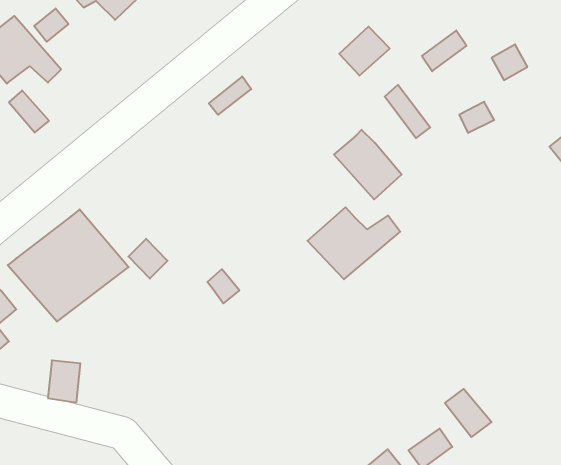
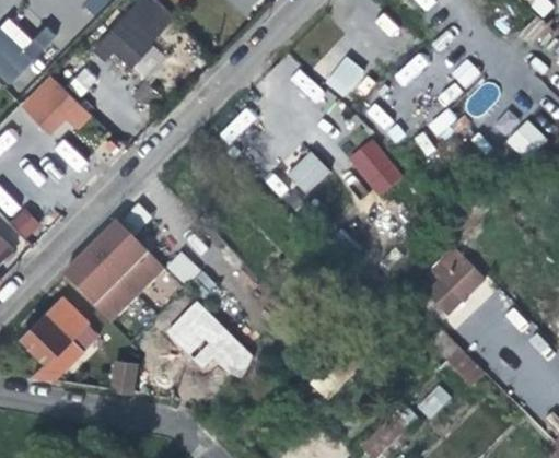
building: none -> [289,154,334,198]
building: [307,207,400,279] -> none
building: none -> [419,248,490,318]
building: none -> [163,297,257,377]

